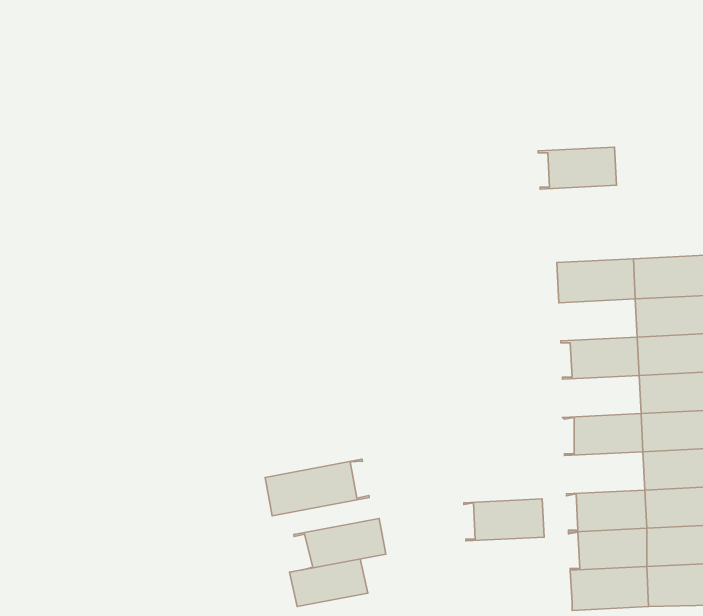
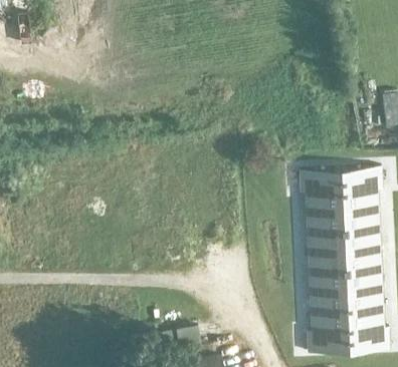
building: [538,147,617,189] -> [301,191,342,213]
building: none -> [303,231,344,253]
building: [265,459,369,516] -> none
building: [464,499,544,541] -> [304,271,346,293]
building: [294,519,386,570] -> none

